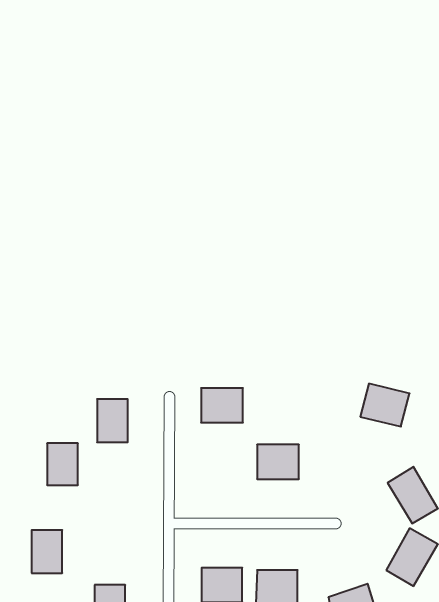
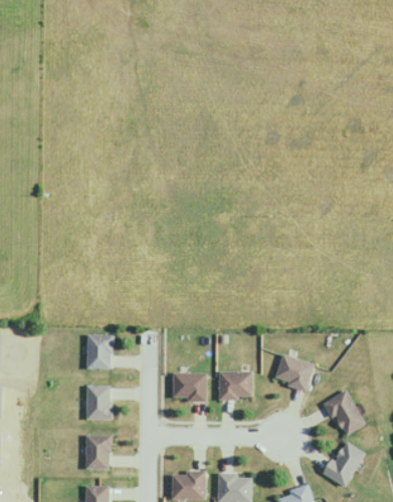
building: [360,384,410,427] -> [274,354,315,390]
building: [201,388,243,423] -> [173,373,207,402]
building: [47,443,78,485] -> [87,386,113,420]
building: [32,530,62,573] -> [86,435,112,470]

